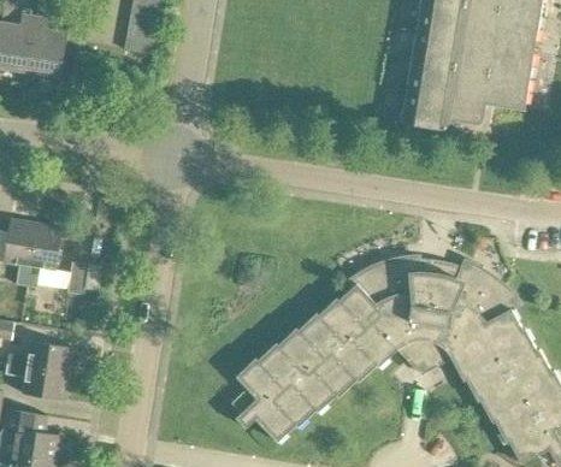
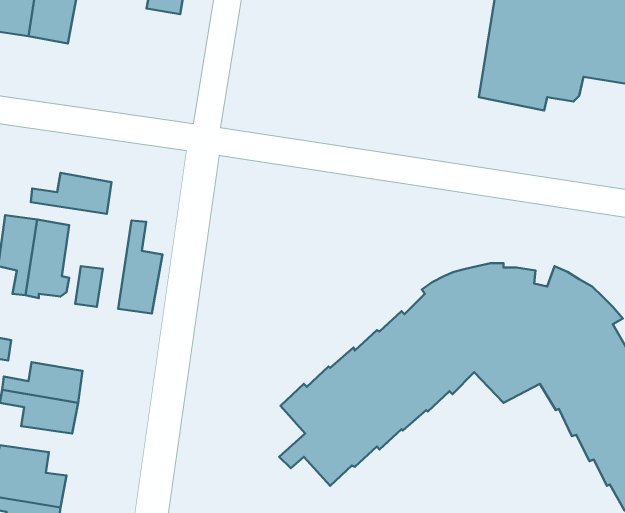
building: none -> [31,173,111,214]
building: none -> [118,220,162,313]

